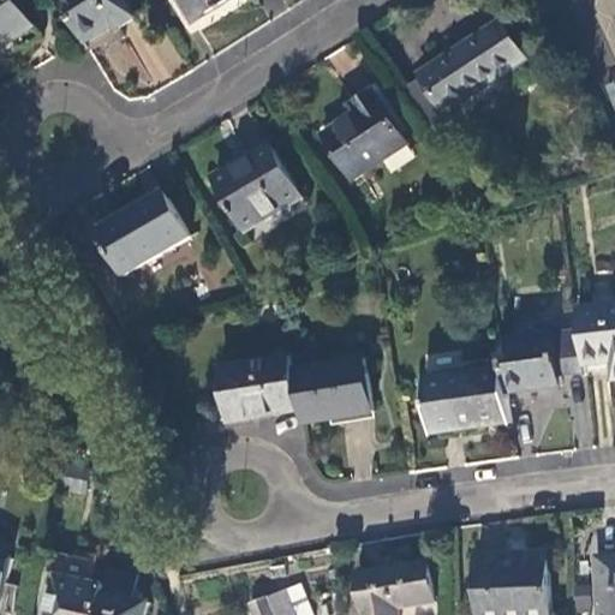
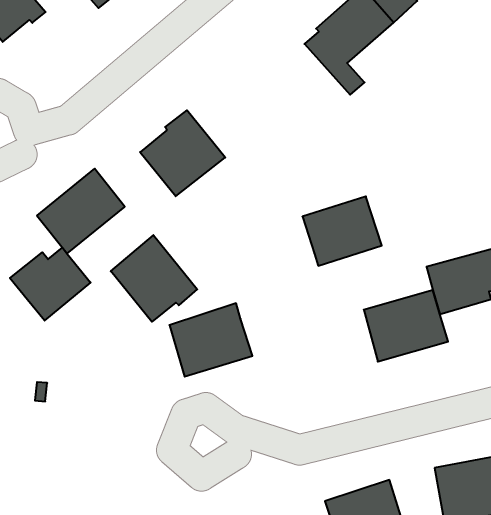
building: [320,90,405,179] -> none
building: none -> [111,235,197,322]
building: none -> [10,248,91,321]
building: [292,358,371,424] -> [302,196,382,266]

